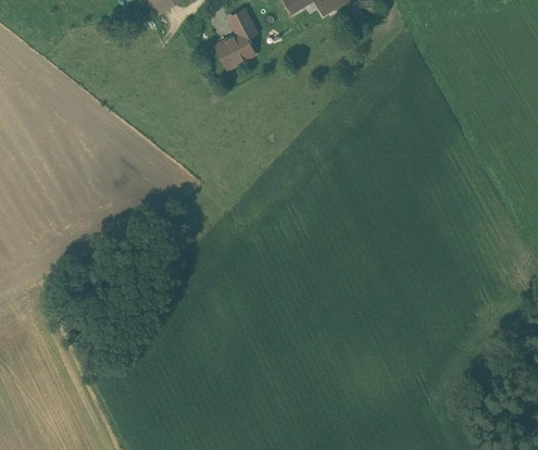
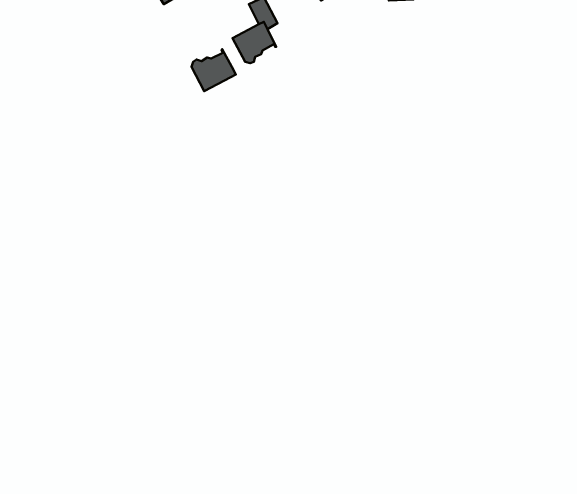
building: none -> [191,49,236,91]

